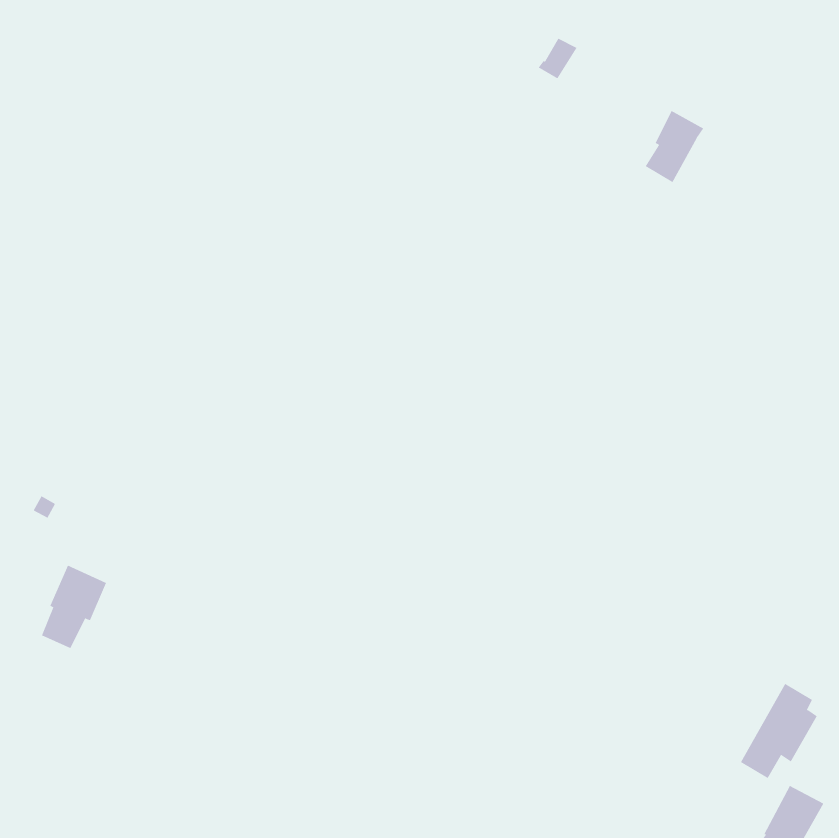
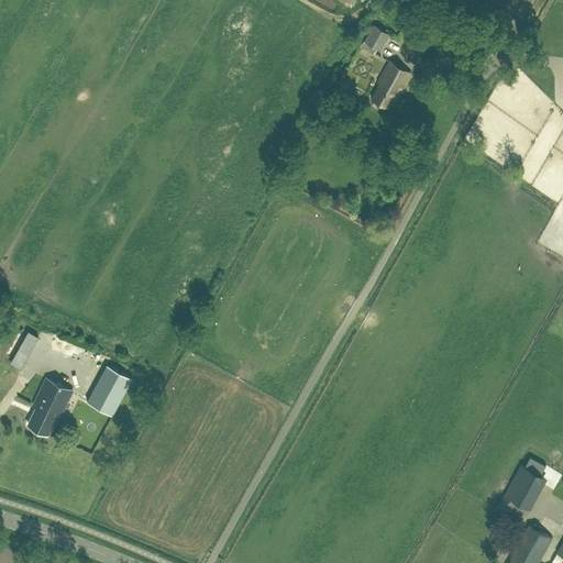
building: [645,110,704,183] -> [371,63,410,111]
building: none -> [86,366,132,417]

